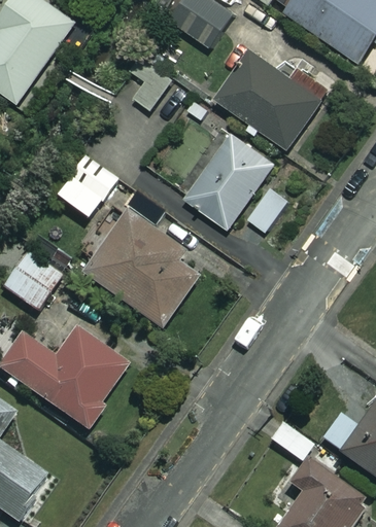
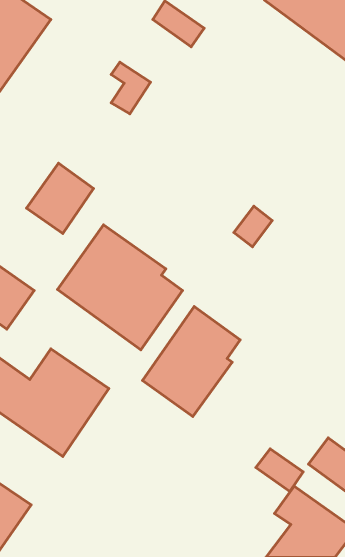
building: [218,49,321,145] -> none
building: [186,133,274,226] -> none
building: none -> [142,307,240,416]

